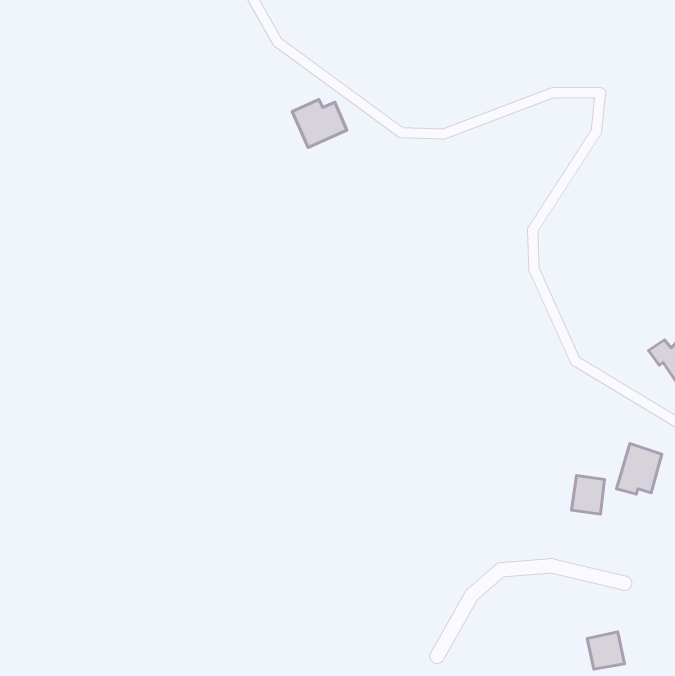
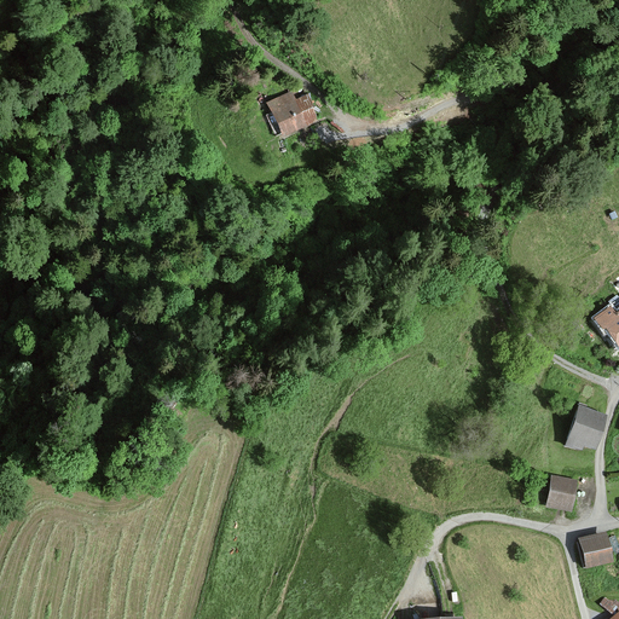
building: [571,476,605,514] -> [546,475,577,510]
building: [587,632,624,669] -> [579,532,613,566]

